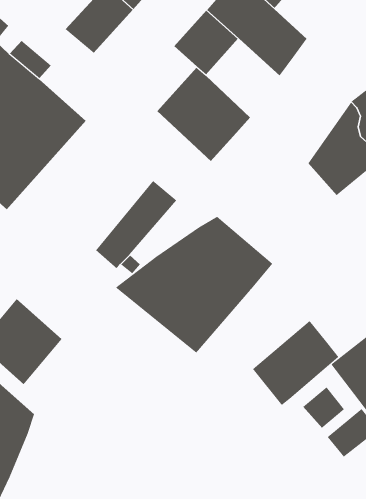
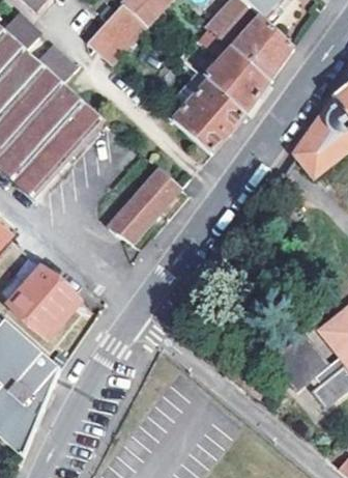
building: none -> [207,47,270,114]
building: [115,216,273,354] -> none
building: [252,320,339,406] -> none

